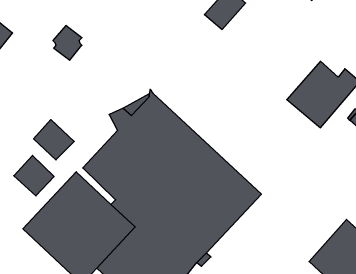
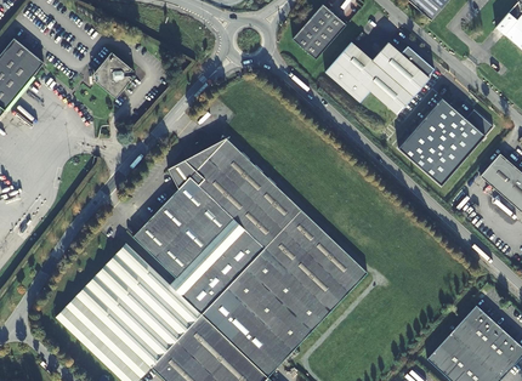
building: none -> [325,40,435,114]
building: [34,120,74,160] -> none
building: [14,155,54,196] -> none

